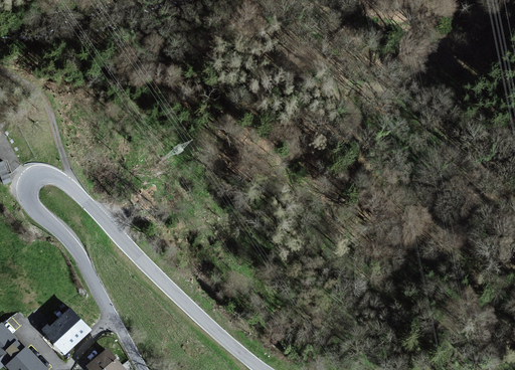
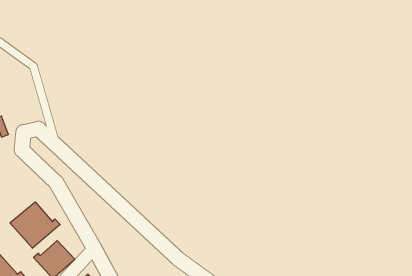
building: none -> [10,202,60,248]

